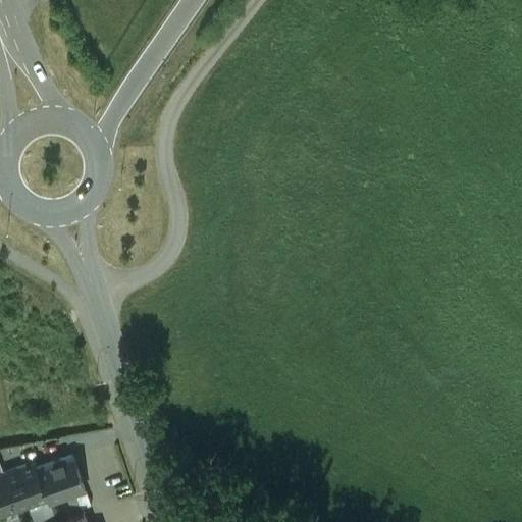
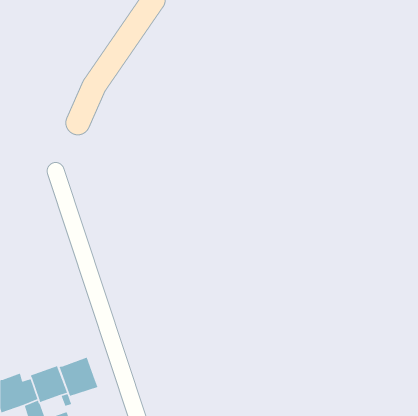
building: none -> [59,356,98,397]

